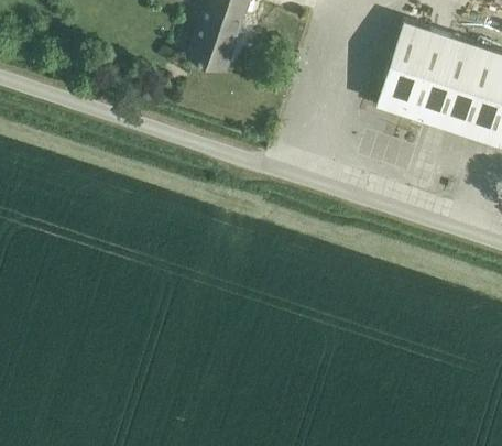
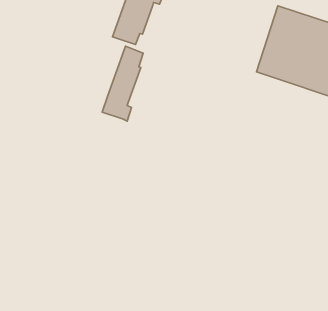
building: none -> [102,46,143,121]

